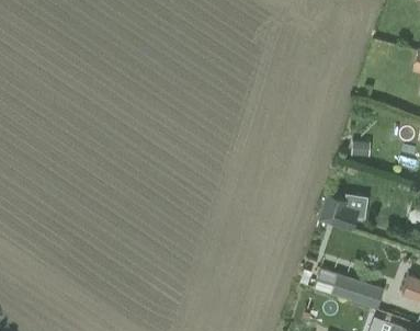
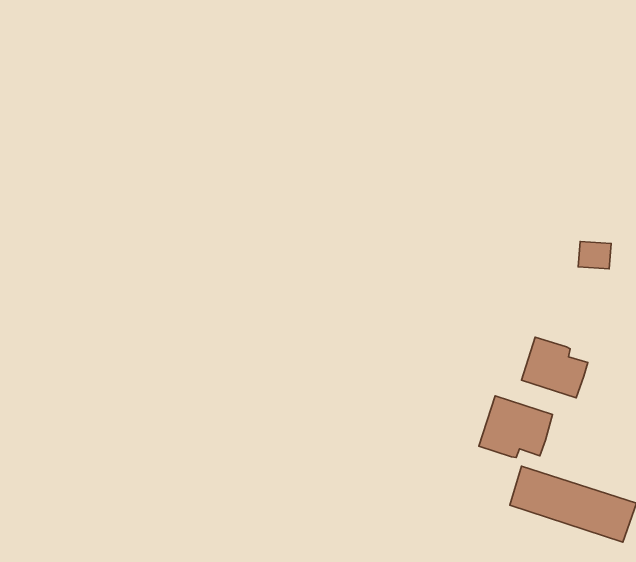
building: none -> [479,396,553,457]

